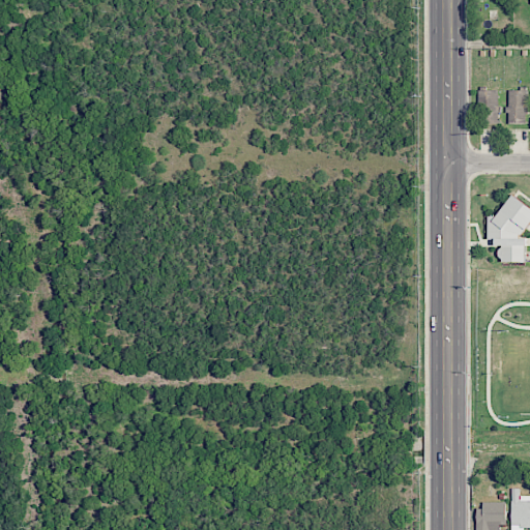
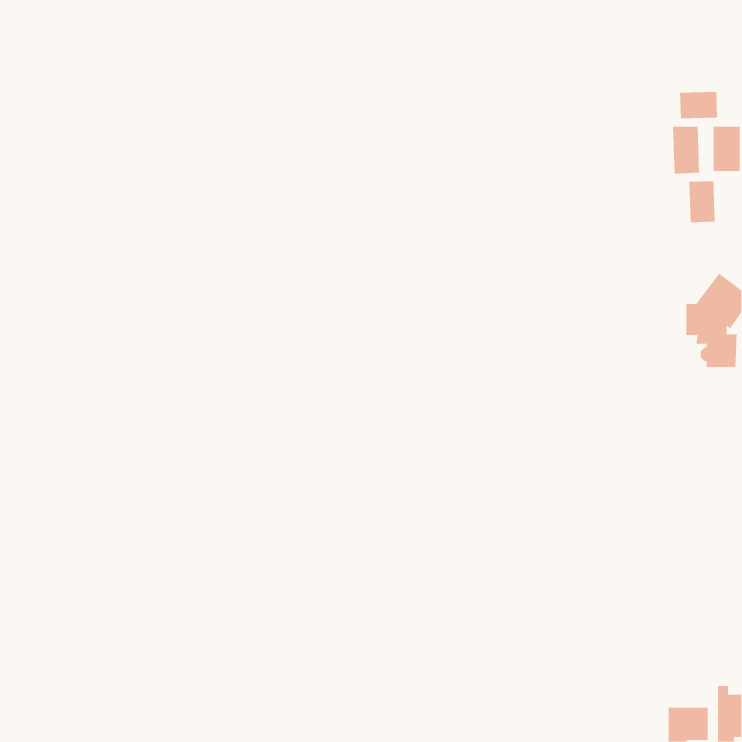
building: none -> [680,91,718,119]
building: none -> [689,181,715,223]

